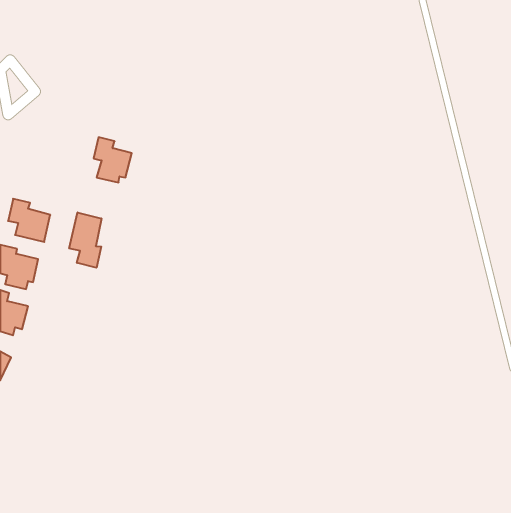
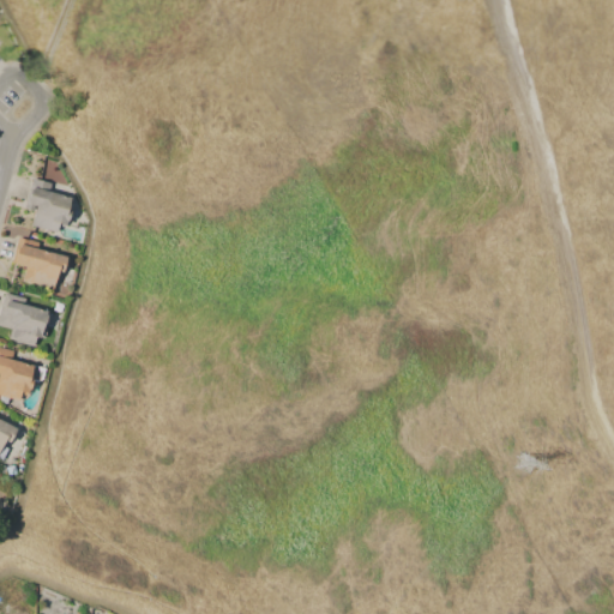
building: [94,137,132,182] -> [25,177,71,231]
building: [69,212,101,268] -> none

